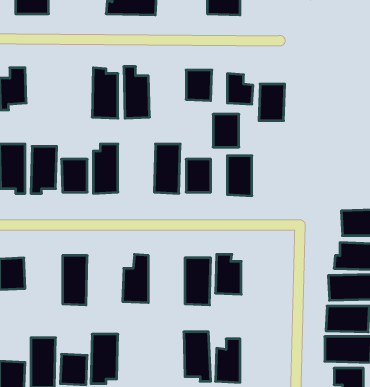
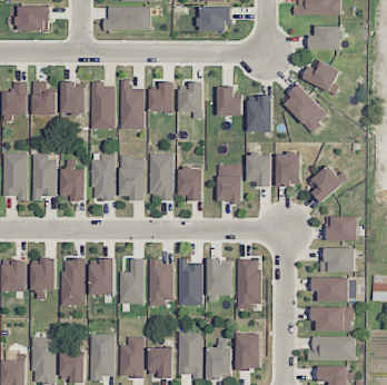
building: none -> [309,26,341,50]
building: none -> [302,61,341,92]
building: none -> [32,81,57,115]
building: none -> [62,81,86,115]
building: none -> [151,81,173,112]
building: none -> [286,83,327,135]
building: [213,114,239,147] -> [247,155,271,186]
building: none -> [276,152,300,186]
building: none -> [120,155,145,199]
building: none -> [309,166,341,199]
building: none -> [32,257,56,298]
building: none -> [91,258,115,295]
building: none -> [148,258,172,306]
building: none -> [236,259,261,307]
building: none -> [237,334,260,369]
building: none -> [119,337,143,377]
building: none -> [148,348,172,376]

